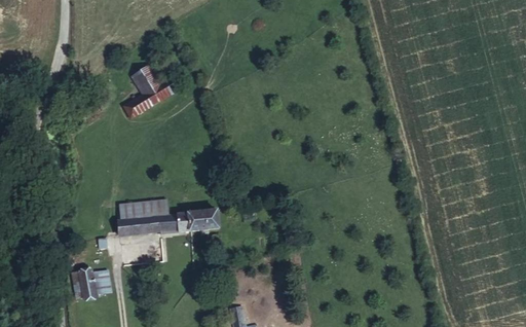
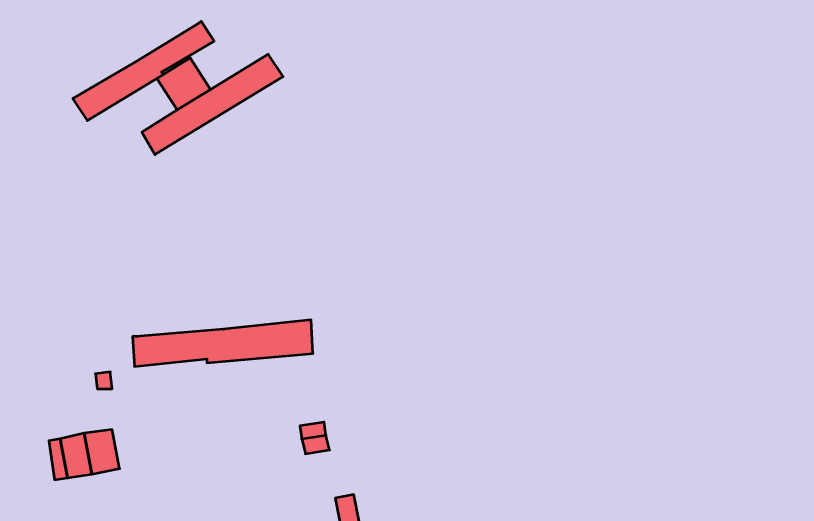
building: none -> [73,21,214,121]
building: [119,198,168,218] -> none

